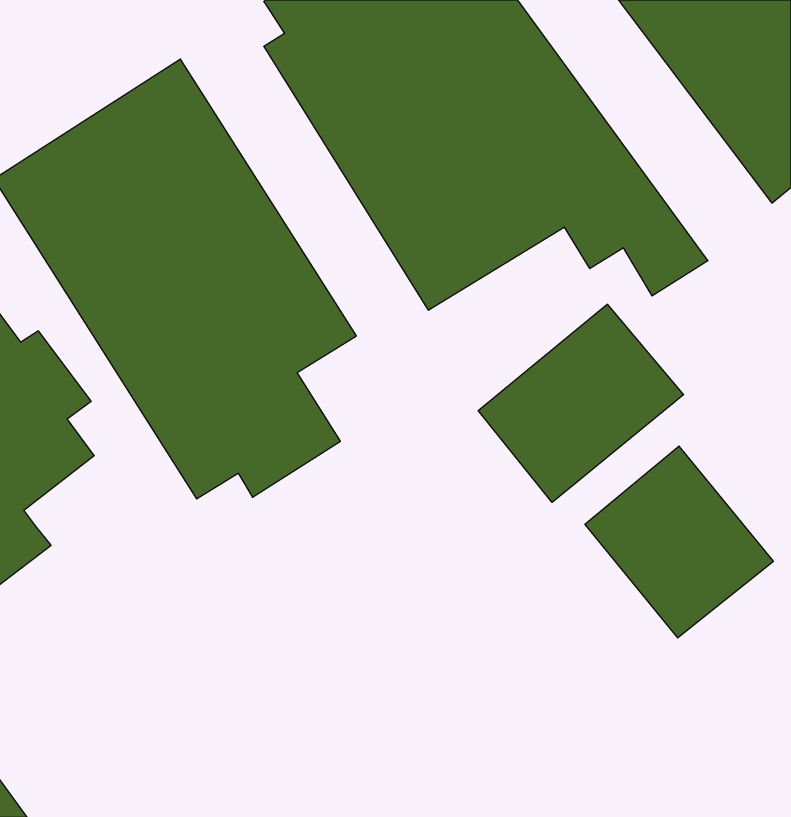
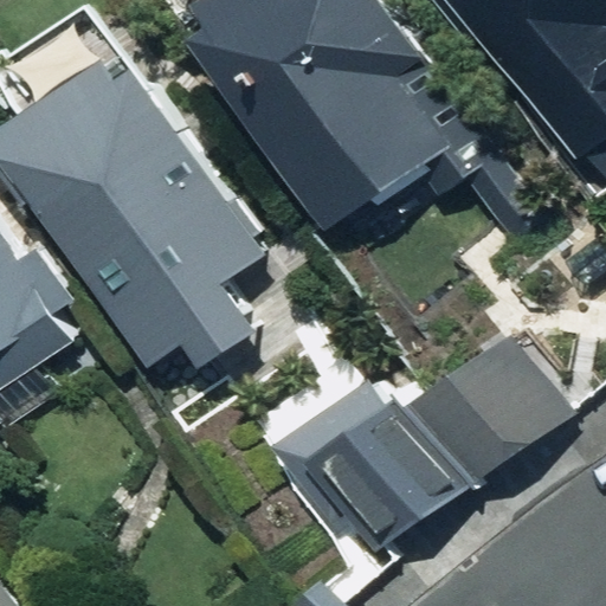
building: [478,304,684,502] -> none
building: none -> [264,378,457,575]

